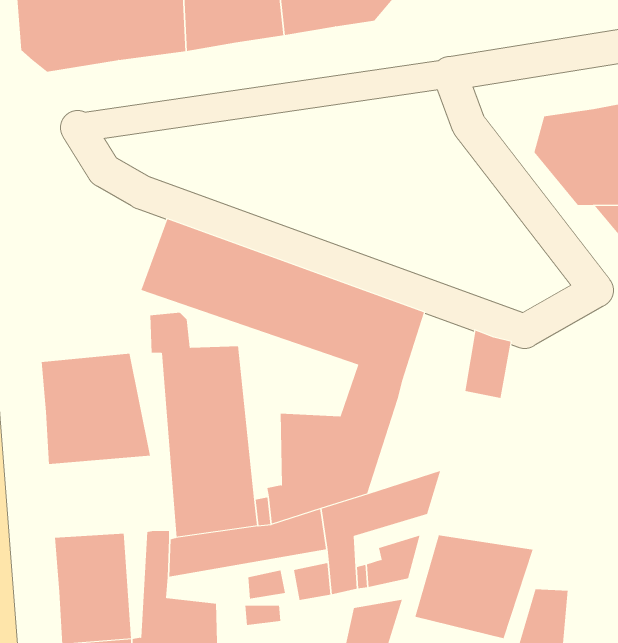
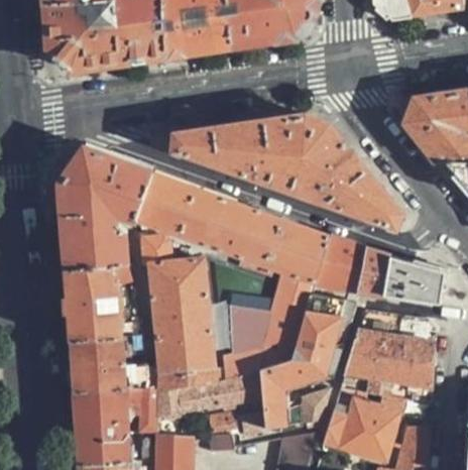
building: none -> [172,115,400,229]
building: none -> [58,146,151,269]
building: none -> [314,235,363,289]
building: none -> [381,255,442,303]
building: none -> [289,295,351,360]
building: none -> [338,311,434,401]
building: none -> [70,334,142,390]

